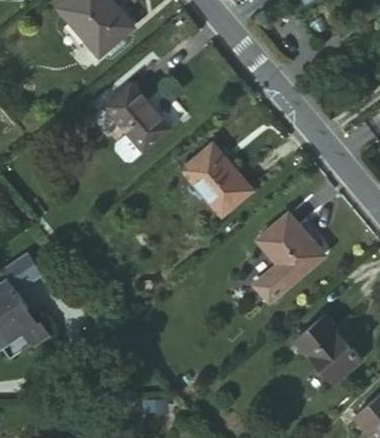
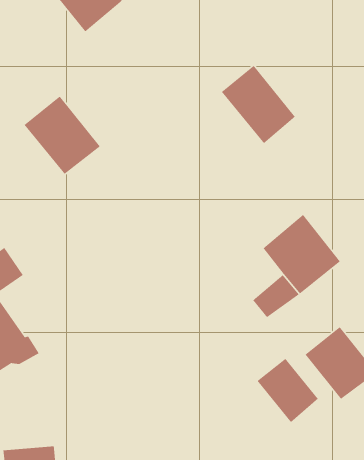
building: [97,82,165,152] -> [23,96,101,175]
building: [184,144,250,214] -> [221,65,296,144]
building: none -> [257,358,319,423]

